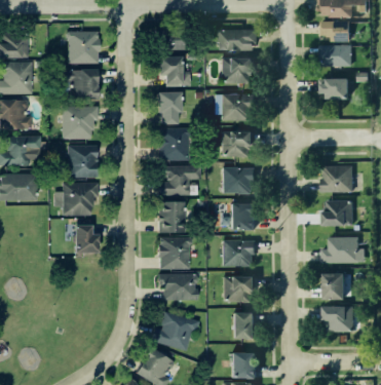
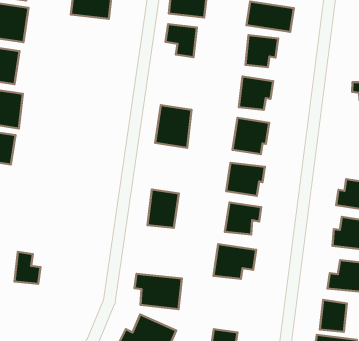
building: [61,70,94,101] -> none
building: [157,91,180,122] -> none
building: [63,107,98,139] -> none
building: [70,145,107,177] -> none
building: [156,167,200,197] -> none
building: [65,184,92,217] -> none
building: [75,225,97,251] -> [14,252,41,284]
building: [157,236,189,268] -> none
building: [227,275,253,302] -> none

